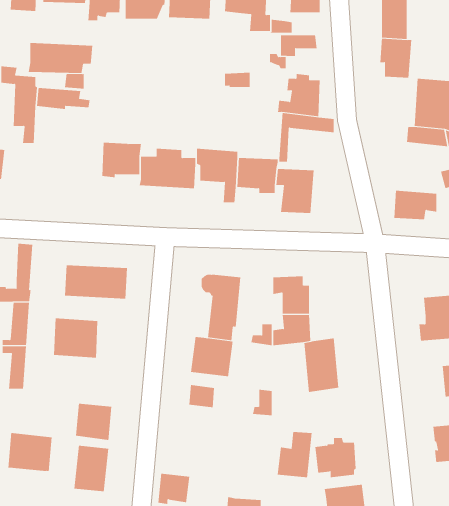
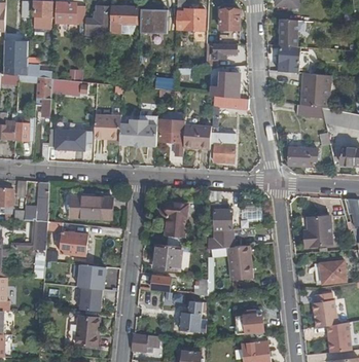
building: [28,43,93,74] -> [48,129,92,149]
building: [277,431,313,478] -> [179,300,203,331]
building: [8,433,53,471] -> [76,263,106,289]

